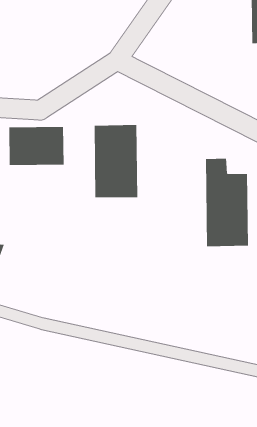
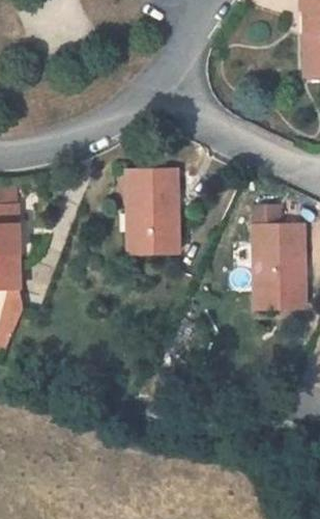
building: [9,126,64,166] -> none

